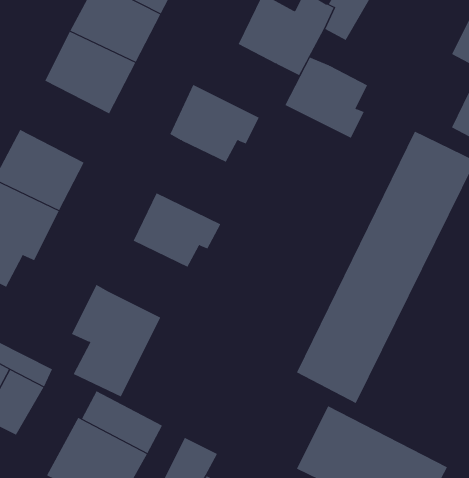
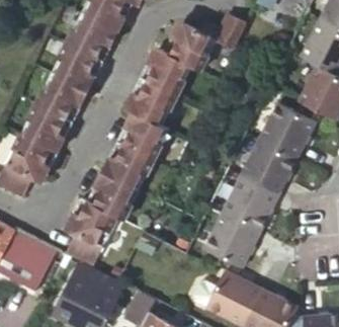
building: [285,57,368,139] -> [141,46,191,95]
building: none -> [35,73,90,122]
building: none -> [118,109,173,160]
building: none -> [89,170,138,221]

